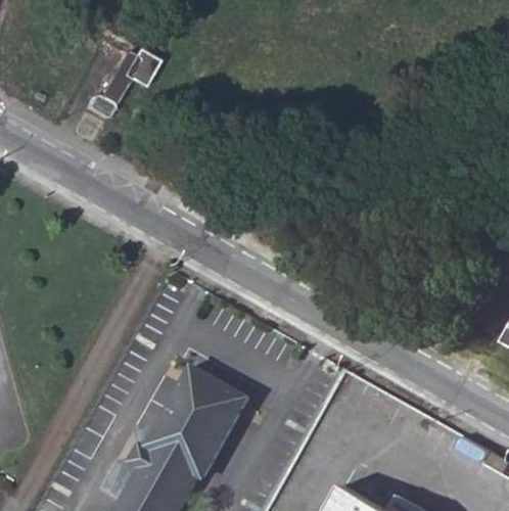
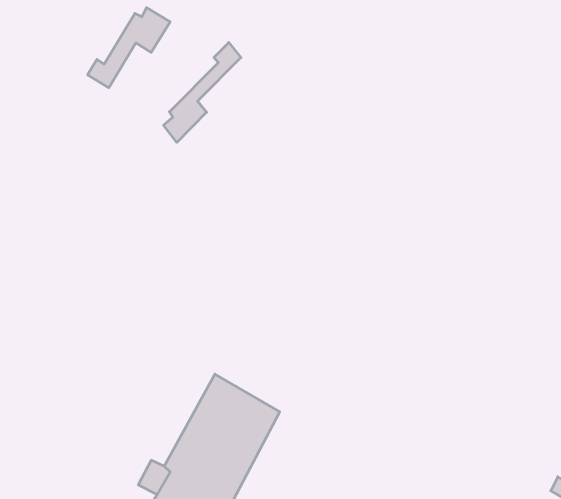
building: none -> [164,42,241,142]

